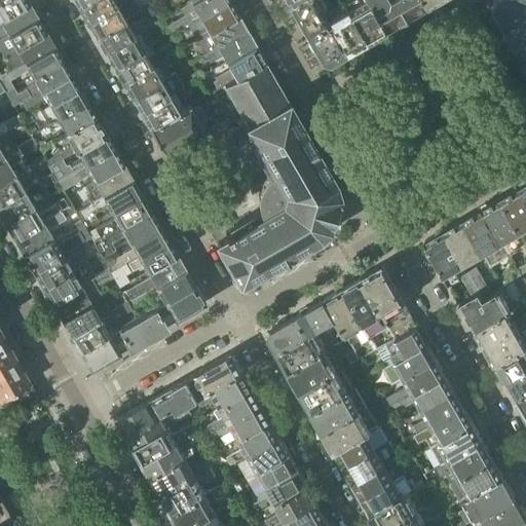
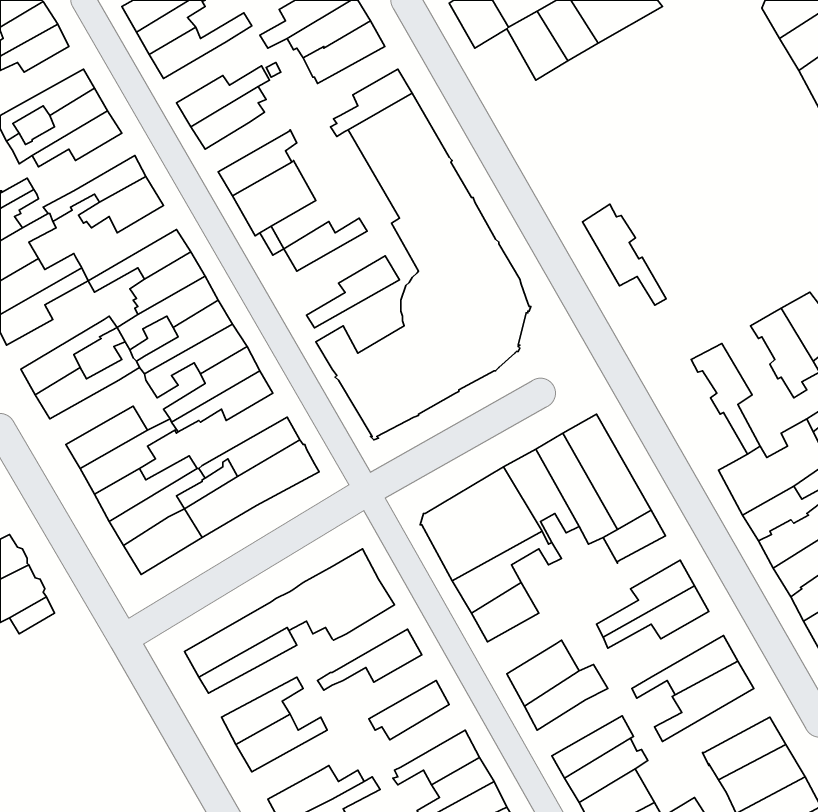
building: [305,24,344,66] -> none
building: [106,32,154,71] -> none
building: [5,35,54,74] -> none
building: [204,35,256,67] -> none
building: [133,81,186,115] -> [284,218,367,271]
building: [40,90,87,127] -> none
building: [49,137,114,185] -> none
building: [5,201,68,241] -> none
building: [463,214,510,265] -> none
building: [426,235,480,300] -> [583,204,666,305]
building: [33,249,86,290] -> none
building: [125,257,185,303] -> [307,256,400,328]
building: [369,348,437,387] -> none
building: [209,392,262,436] -> none
building: [414,397,464,439] -> none
building: [313,398,358,437] -> none
building: [227,424,280,468] -> none
building: [135,427,197,464] -> none
building: [425,446,494,487] -> none
building: [345,453,400,489] -> none
building: [251,456,299,496] -> none
building: [162,473,216,517] -> none

